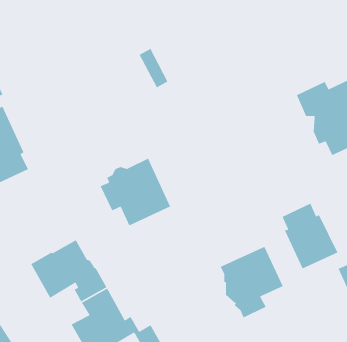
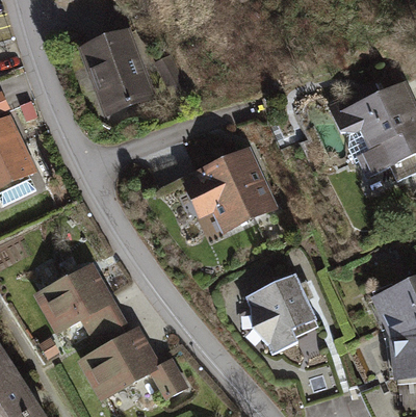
building: none -> [83,32,152,108]
building: [100,158,171,227] -> [193,151,272,227]
building: [281,203,338,269] -> none

